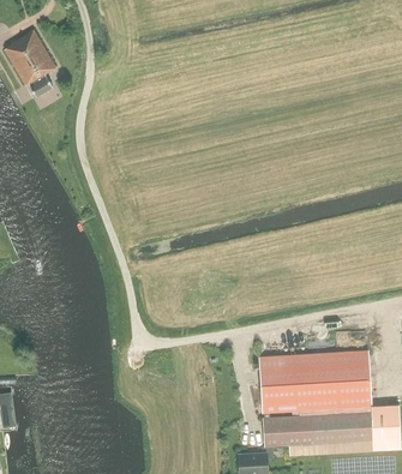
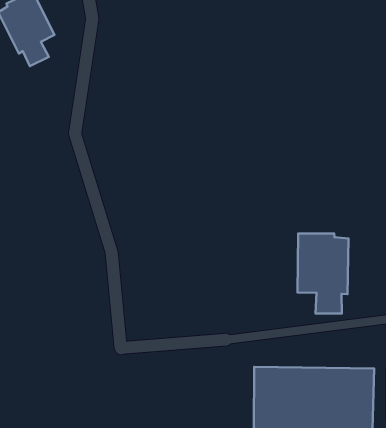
building: none -> [297,234,348,314]

